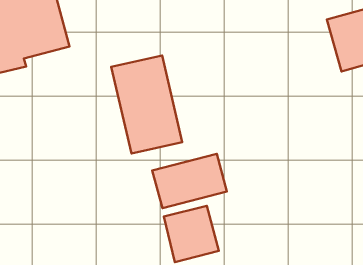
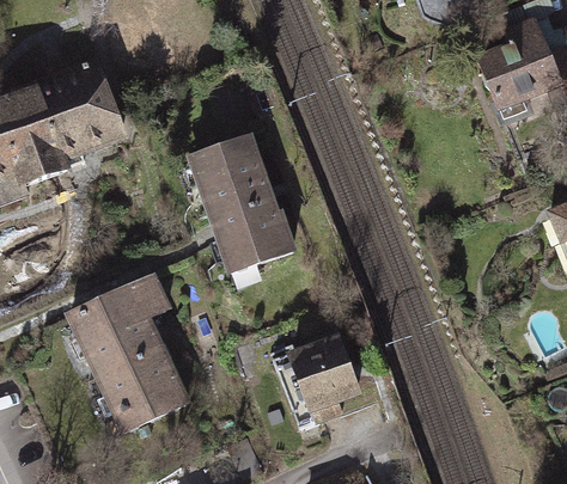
building: none -> [67,271,193,431]
building: [152,154,227,208] -> none

